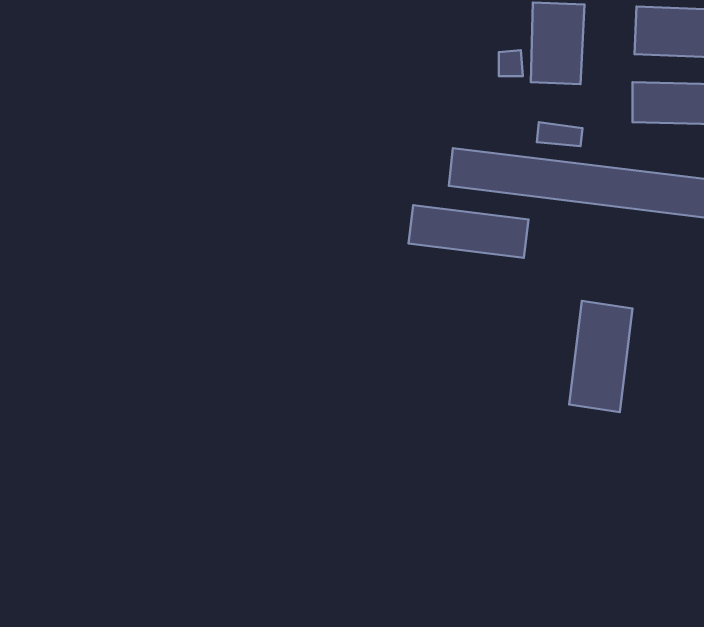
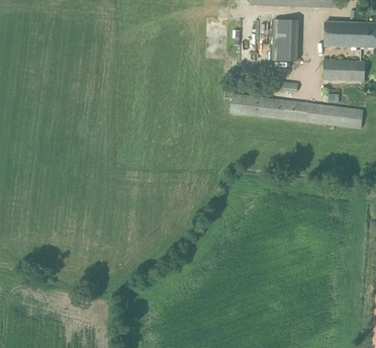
building: [408,205,529,258] -> none
building: [569,301,632,412] -> none

